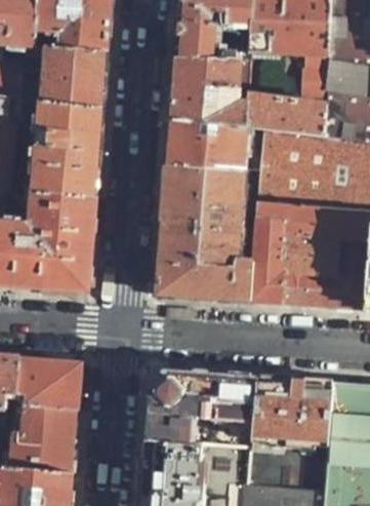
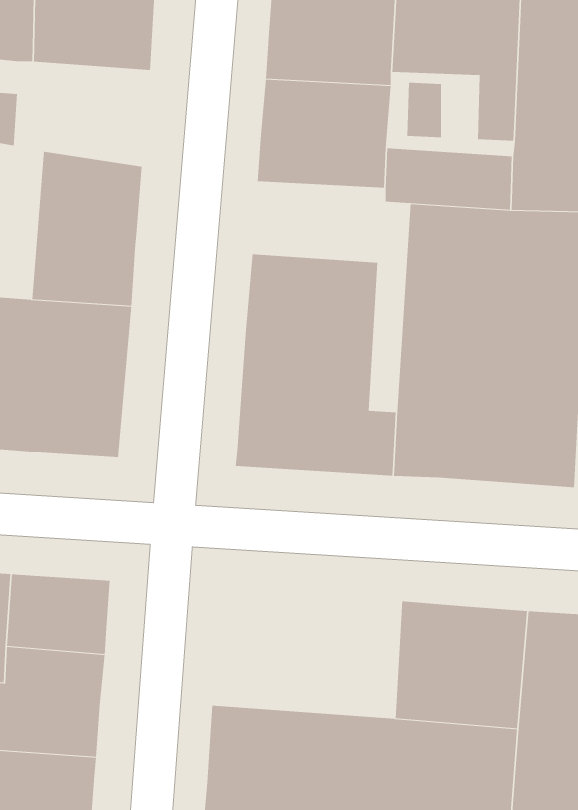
building: [23,48,106,112] -> none
building: [167,121,248,170] -> none
building: [142,371,258,449] -> none

